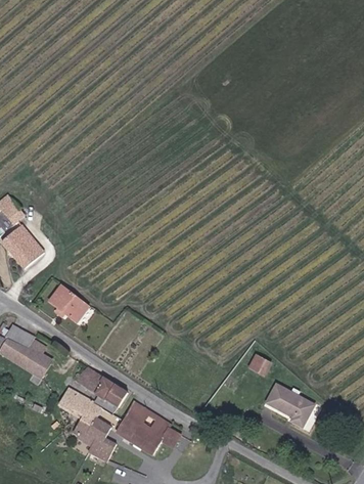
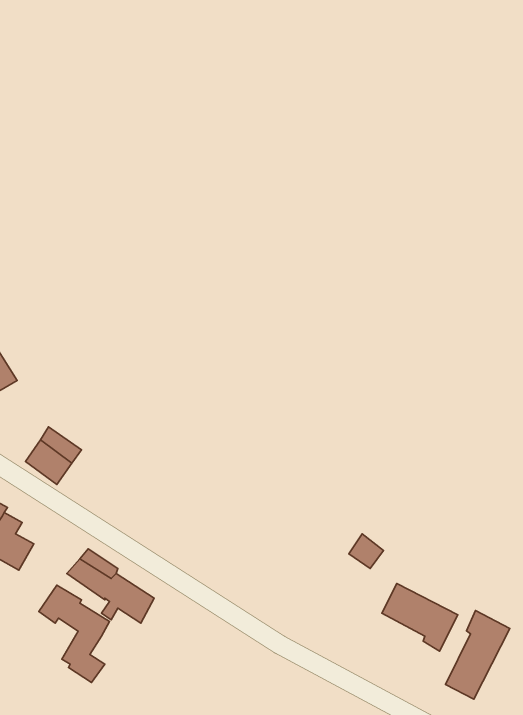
building: none -> [445,610,510,699]
building: [111,404,178,457] -> none
building: [85,416,110,458] -> none

